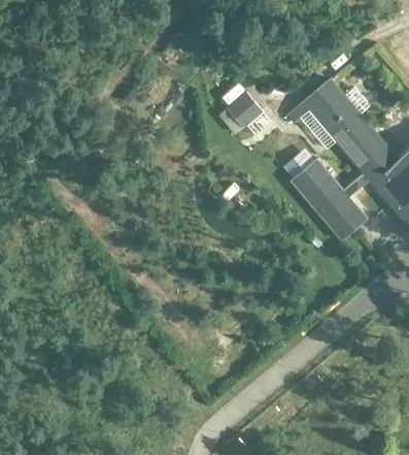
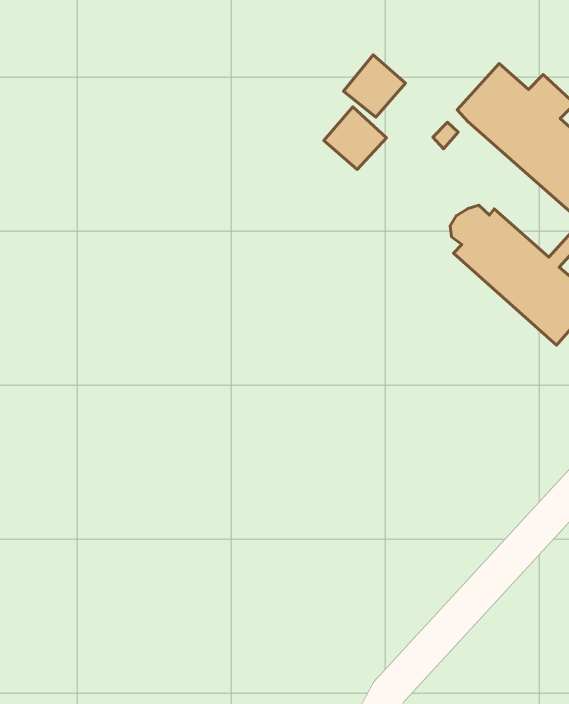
building: none -> [343,55,406,117]

